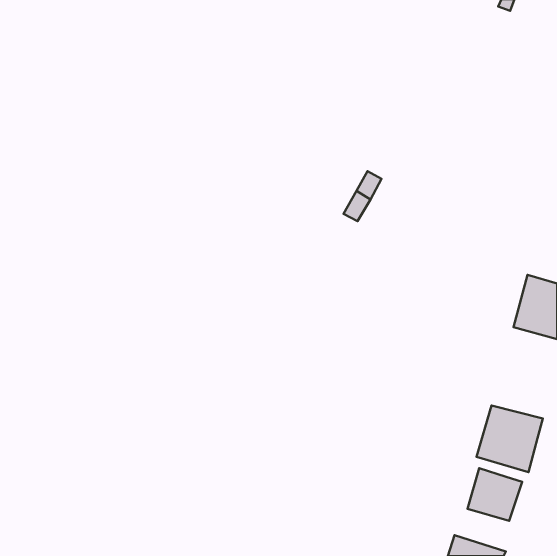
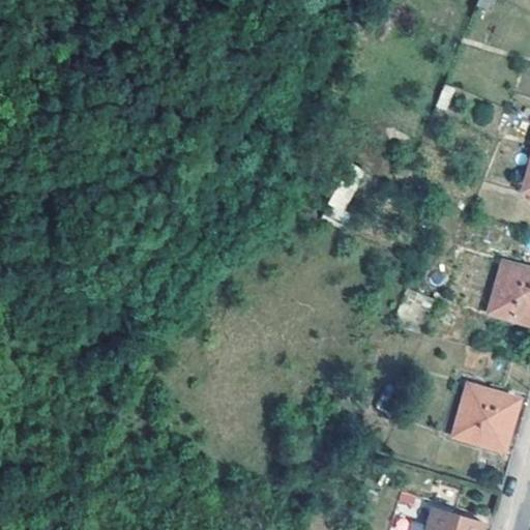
building: [467,468,522,521] -> none

